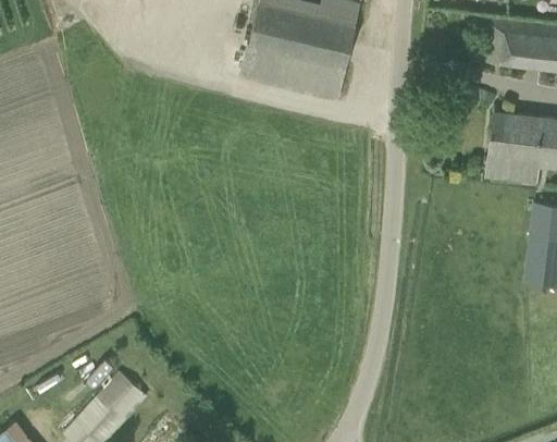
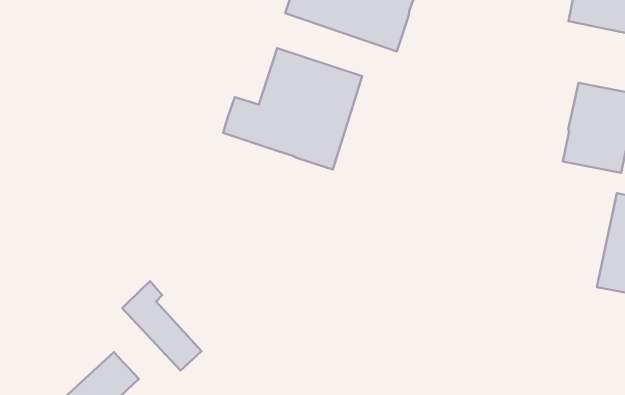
building: none -> [223,48,362,170]
building: none -> [122,281,202,371]

